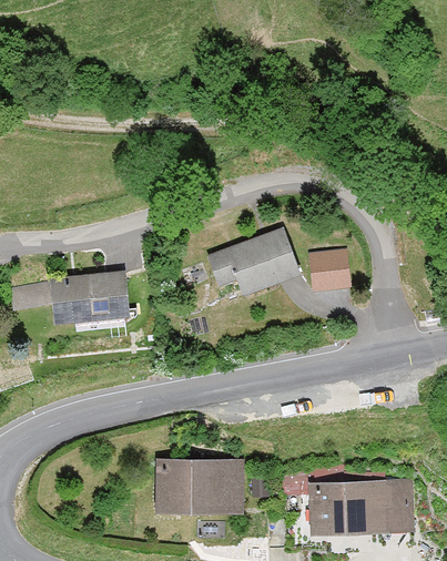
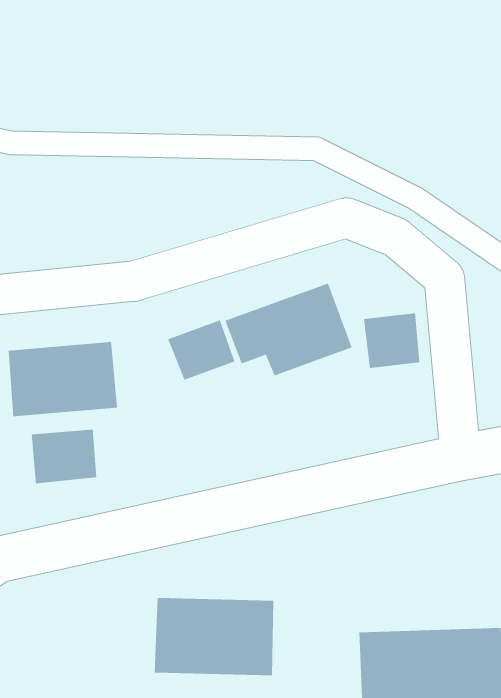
building: none -> [168,320,235,380]
building: none -> [31,429,97,484]

